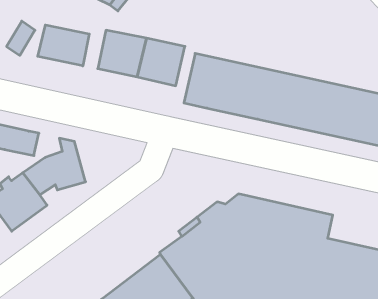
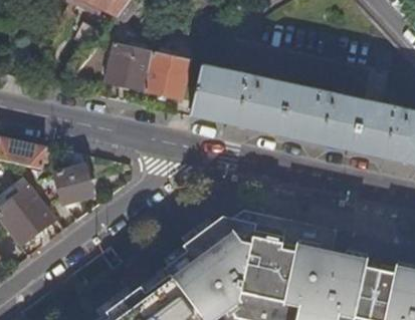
building: [38,25,89,66] -> none

